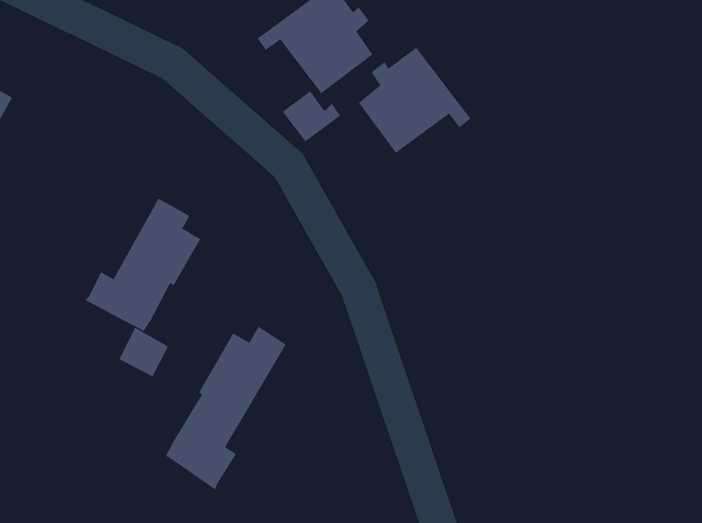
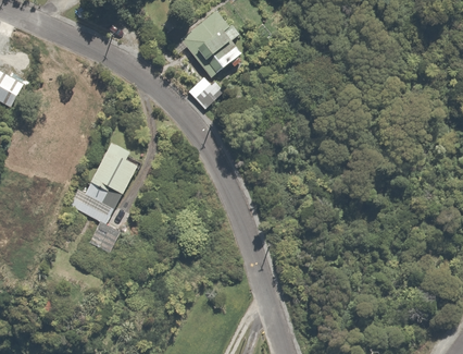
building: [358,47,471,153] -> none
building: [165,326,286,490] -> none

